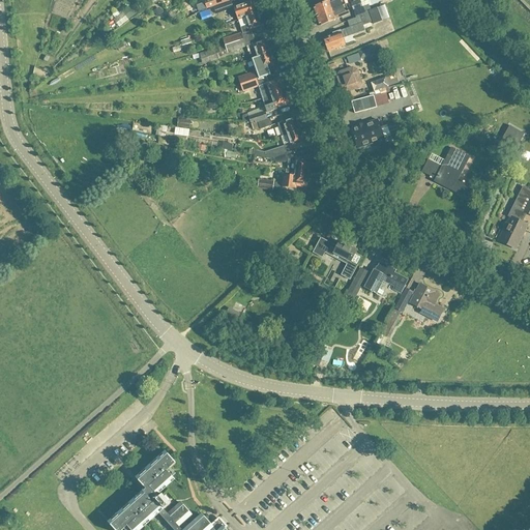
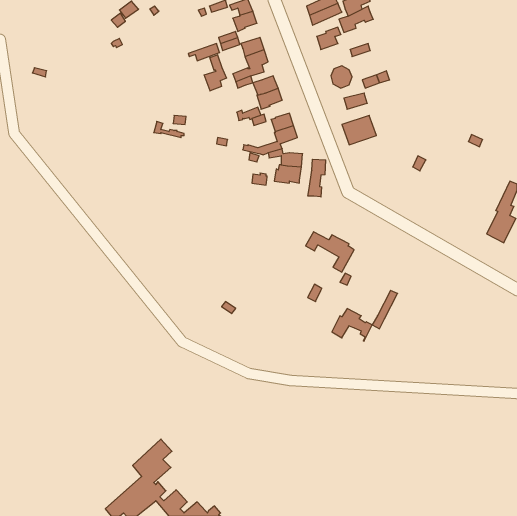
building: none -> [204,55,226,91]
building: [435,146,471,196] -> none
building: none -> [308,159,326,197]
building: [364,262,406,295] -> [332,309,372,341]
building: [409,283,445,322] -> none

